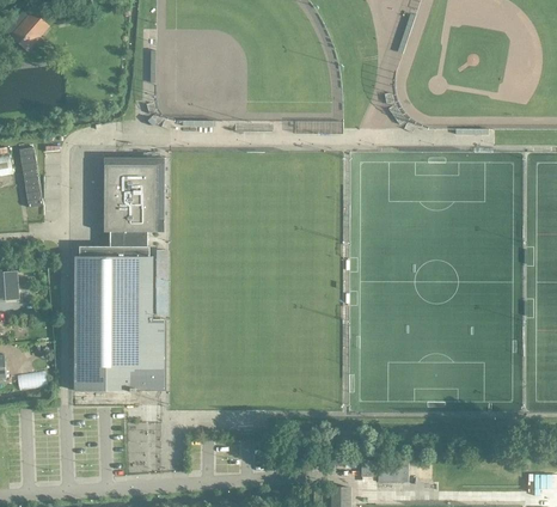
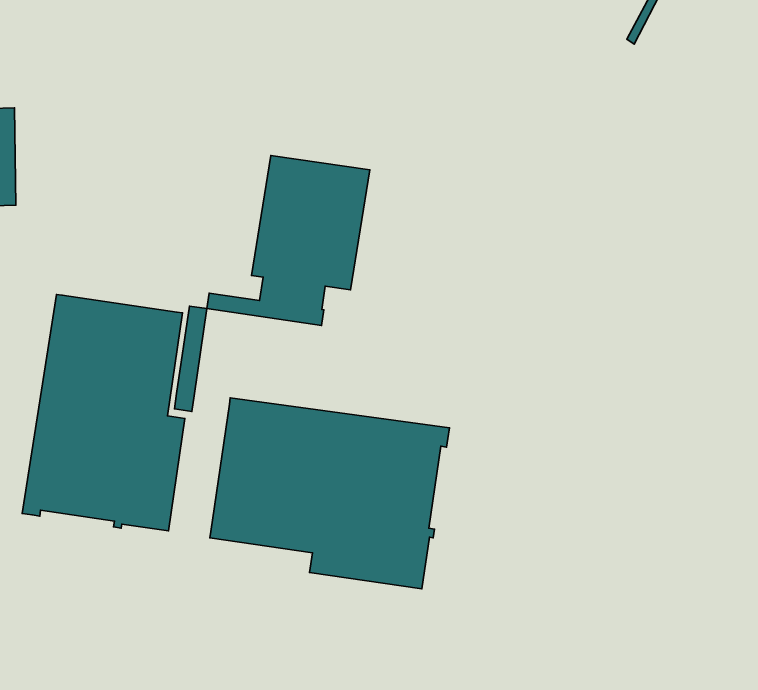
building: [79,158,165,256] -> [207,155,370,325]
building: none -> [210,398,449,589]

